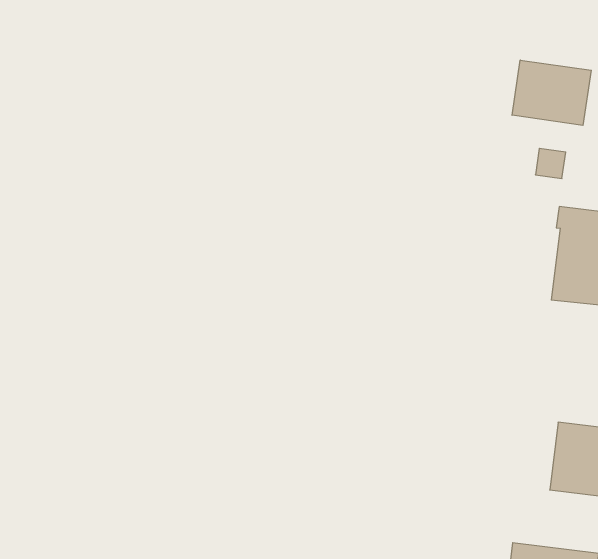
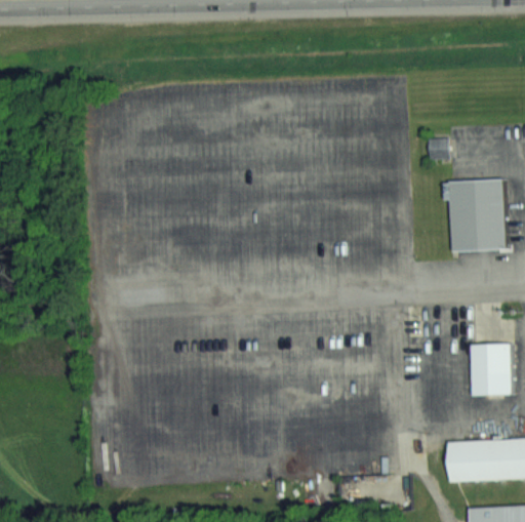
building: [512,60,591,125] -> none

